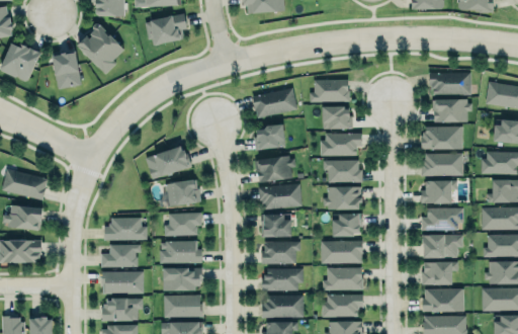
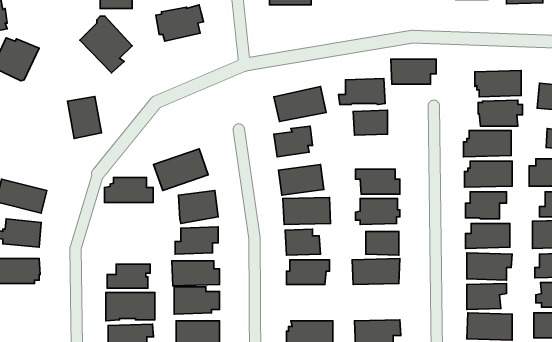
building: [52,53,82,90] -> [68,97,102,139]
building: [322,134,362,156] -> [391,59,436,84]
building: [104,218,148,240] -> [104,177,153,202]
building: [262,268,304,290] -> none
building: [323,268,363,290] -> none

